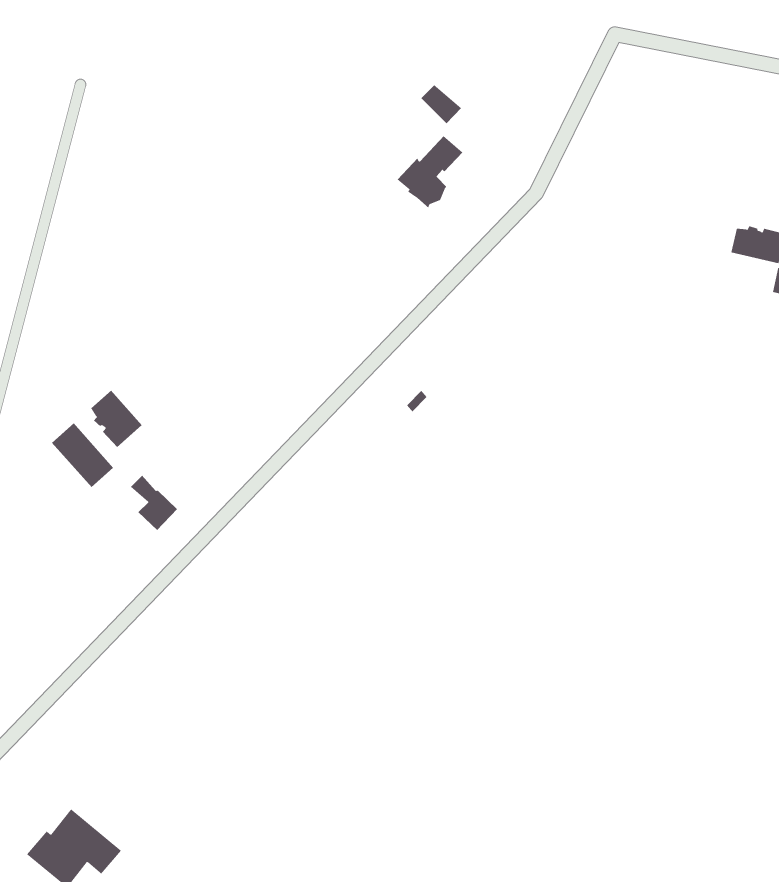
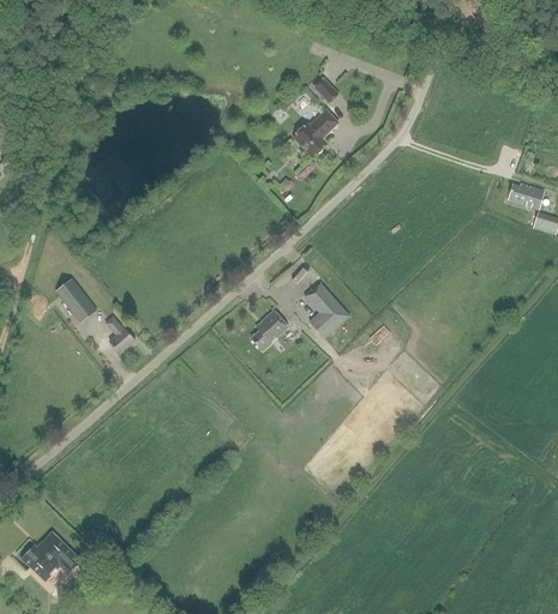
building: [90,390,142,448] -> none
building: none -> [304,283,349,337]
building: none -> [251,309,288,350]

